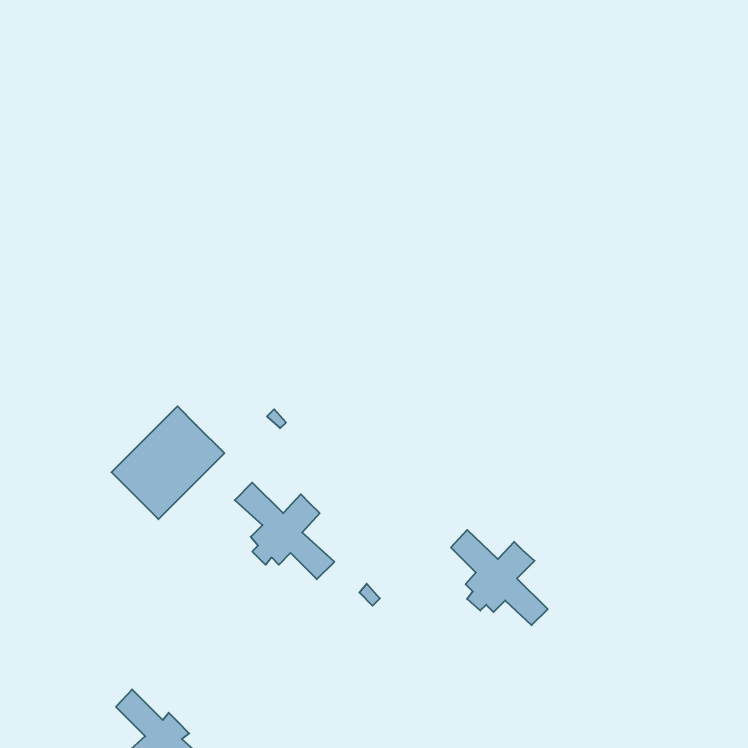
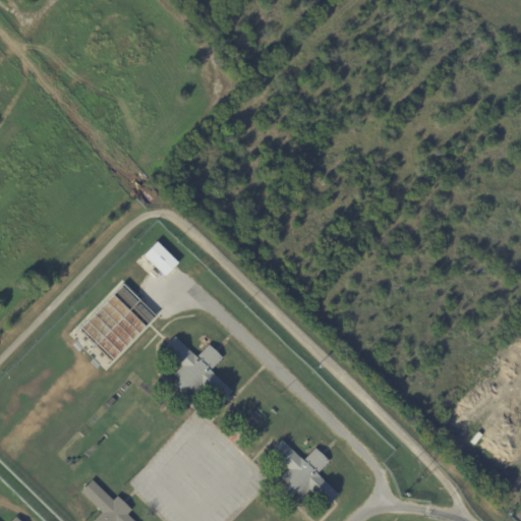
building: none -> [143,242,178,277]
building: [451,530,548,625] -> [272,440,339,506]

